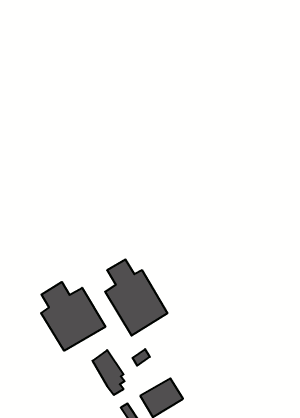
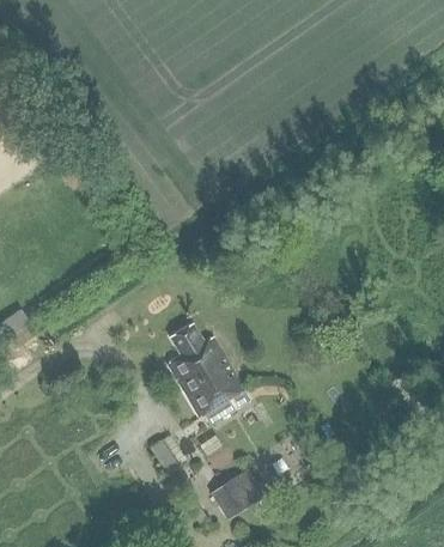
building: [41,282,105,351] -> none

